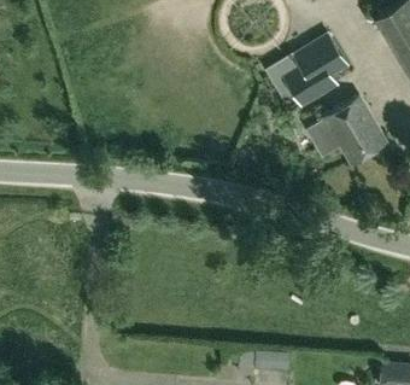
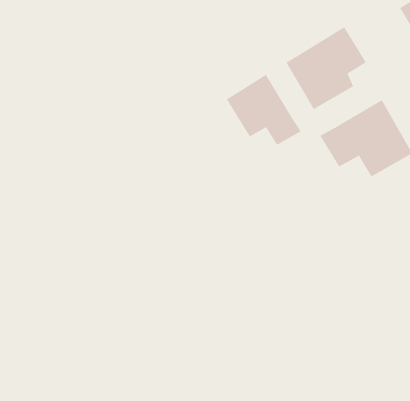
building: none -> [226,74,302,146]

